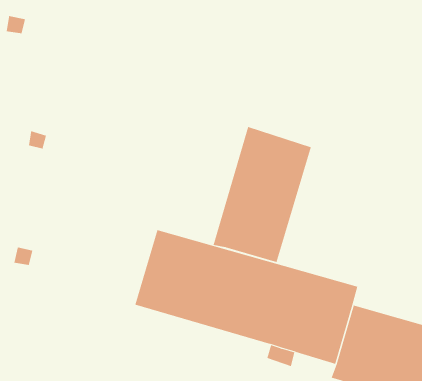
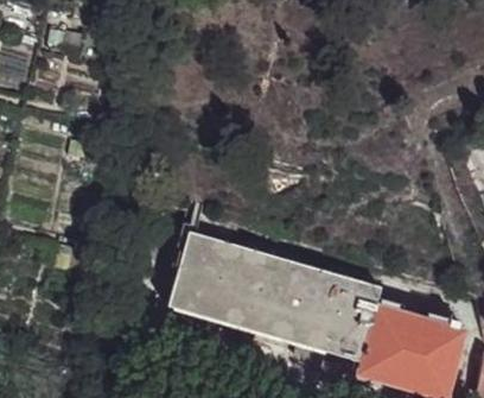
building: [213,126,311,263] -> none

